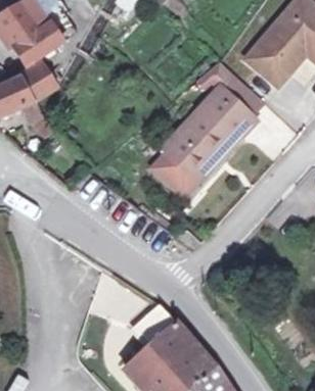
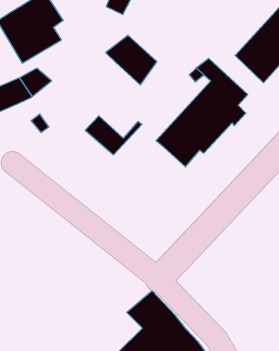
building: none -> [106,35,157,85]
building: [154,152,214,193] -> [85,116,142,155]

